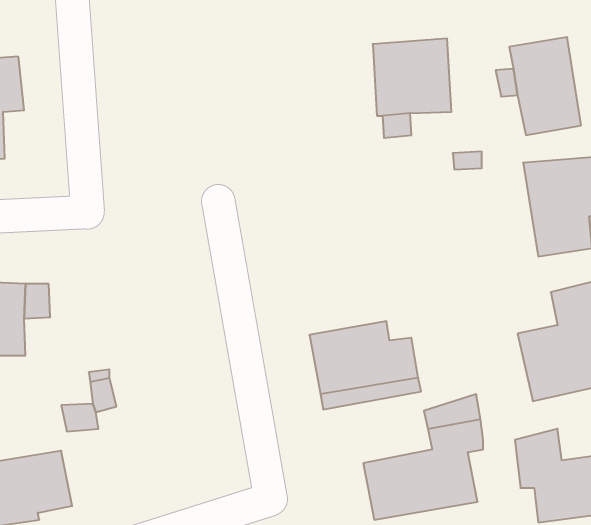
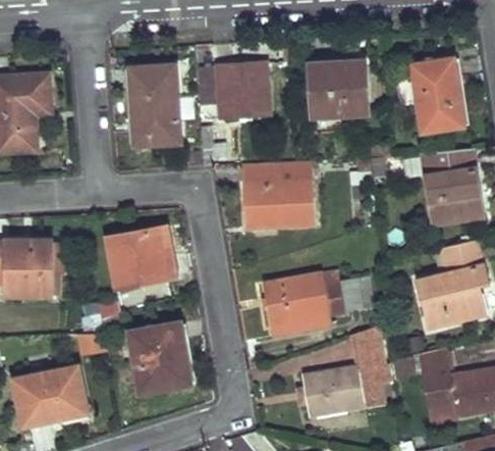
building: none -> [215,61,270,119]
building: none -> [129,64,179,147]
building: none -> [242,161,314,230]
building: none -> [106,229,169,287]
building: none -> [129,323,190,391]

